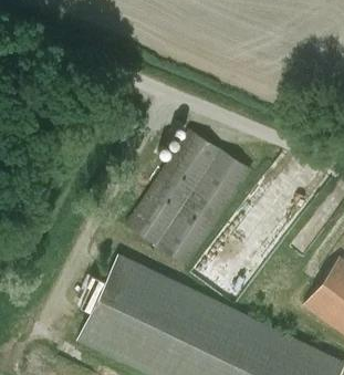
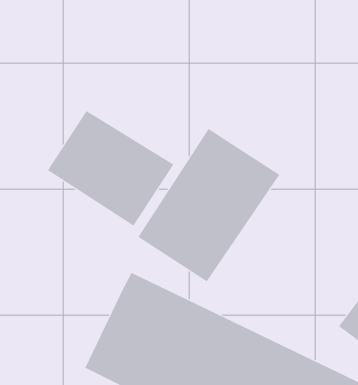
building: none -> [47,110,174,227]

